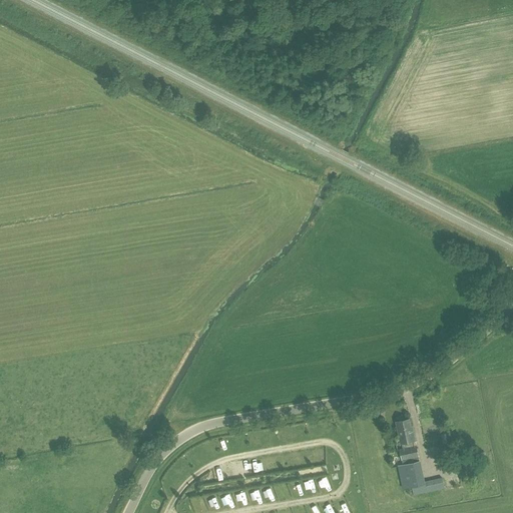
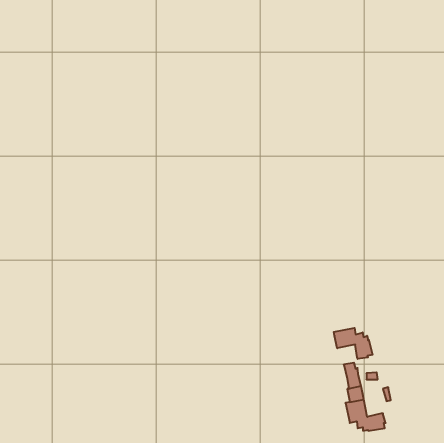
building: none -> [334,328,373,359]

